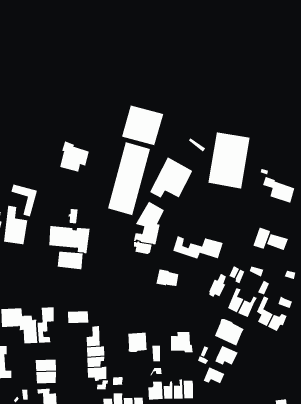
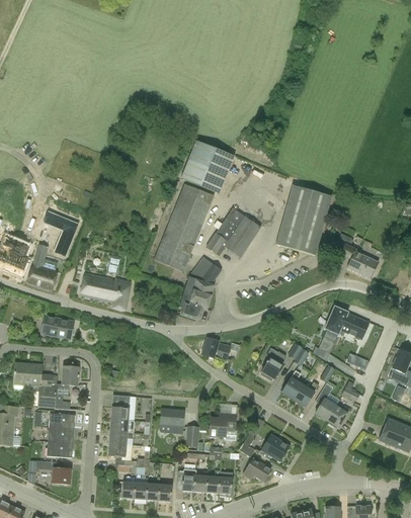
building: [60,140,89,172] -> none
building: [172,235,223,260] -> none
building: [57,251,84,270] -> [40,315,74,340]
building: [67,311,89,324] -> [49,413,75,429]
building: [214,318,244,346] -> none

